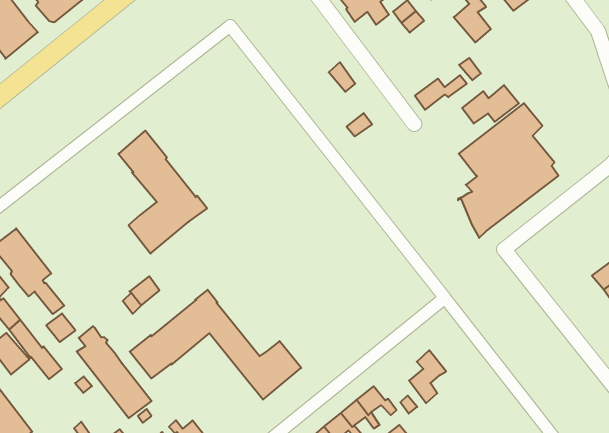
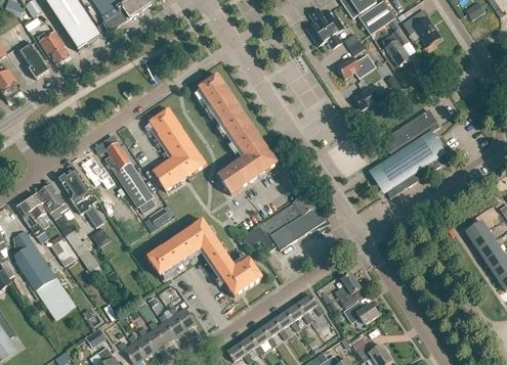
building: none -> [197,73,278,194]
building: [462,85,519,124] -> [336,52,375,77]
building: none -> [241,191,325,250]
building: [77,326,152,418] -> [103,141,152,206]
building: none -> [343,302,378,323]

